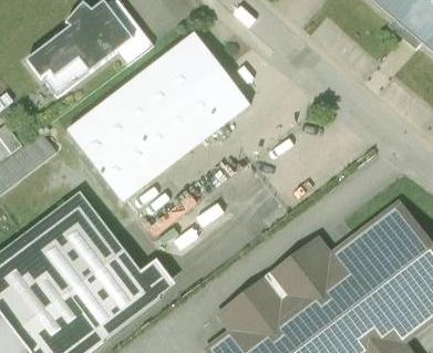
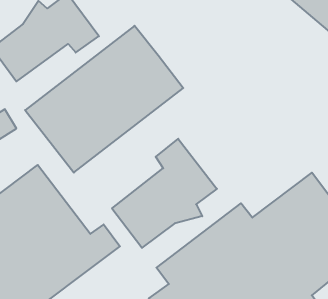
building: none -> [112,139,217,248]

